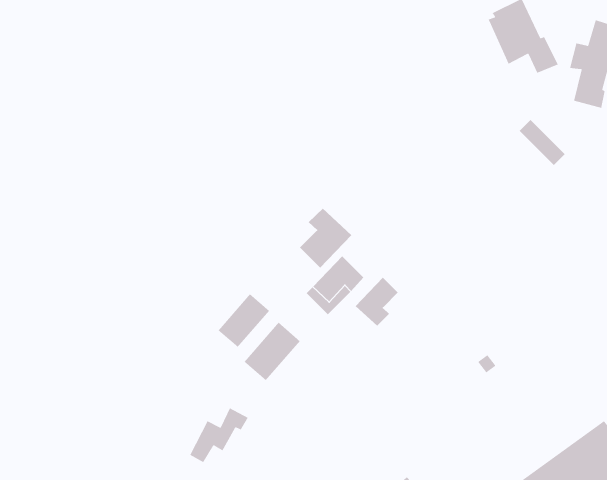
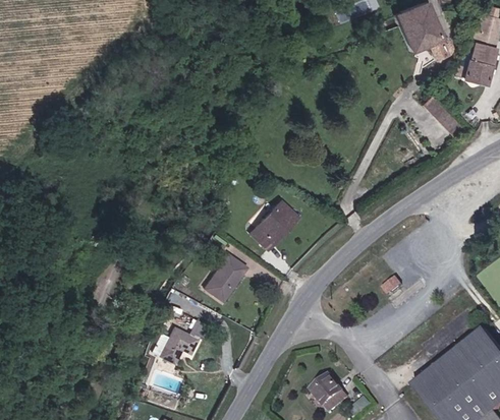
building: [299,208,352,268] -> none
building: [355,277,399,326] -> none
building: [218,293,270,348] -> none

